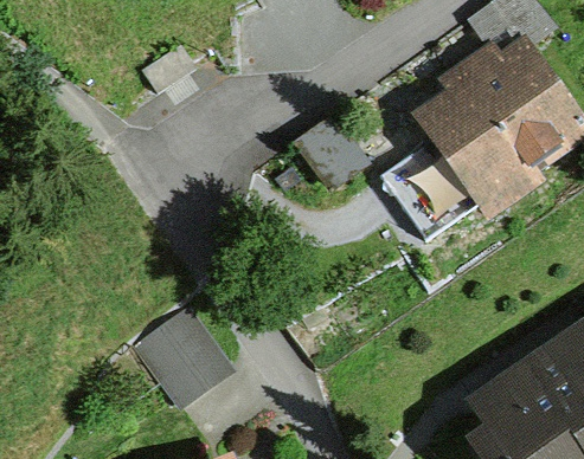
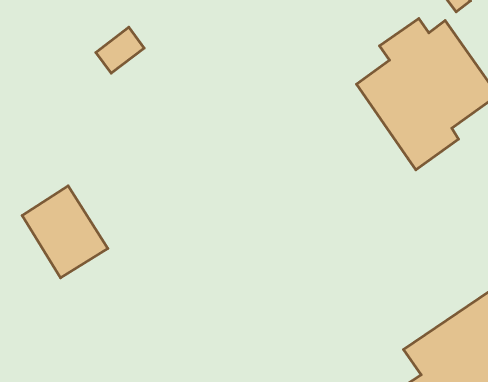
building: [137,310,230,409] -> [22,186,108,278]

